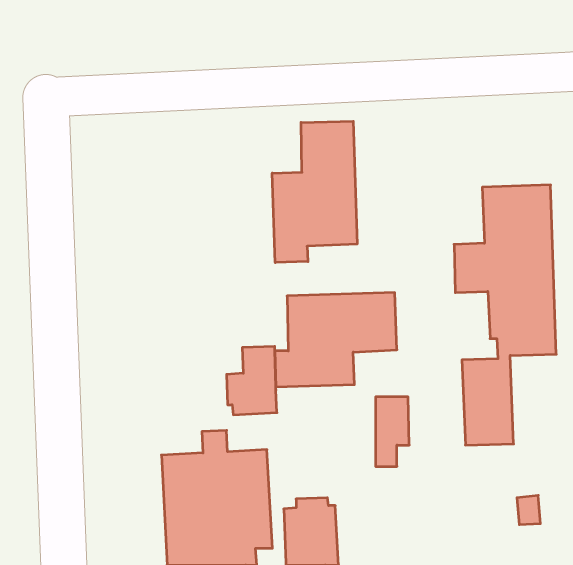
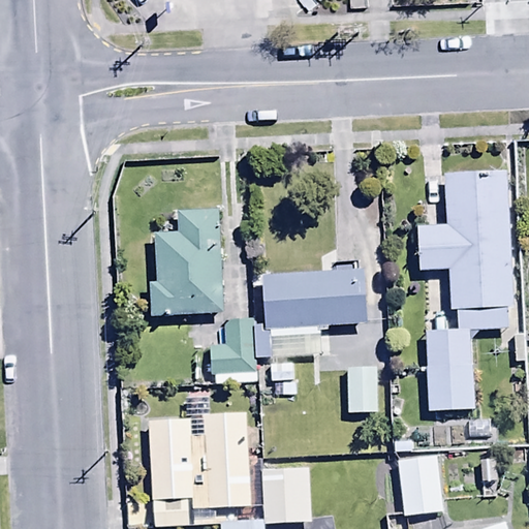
building: [272,121,357,263] -> none
building: none -> [152,208,221,315]
building: none -> [398,454,446,515]

